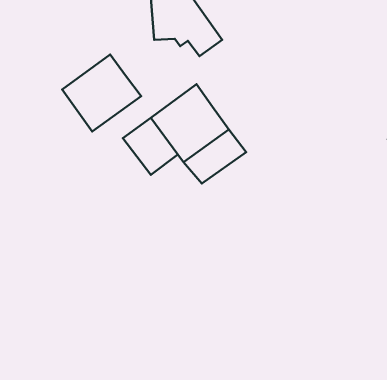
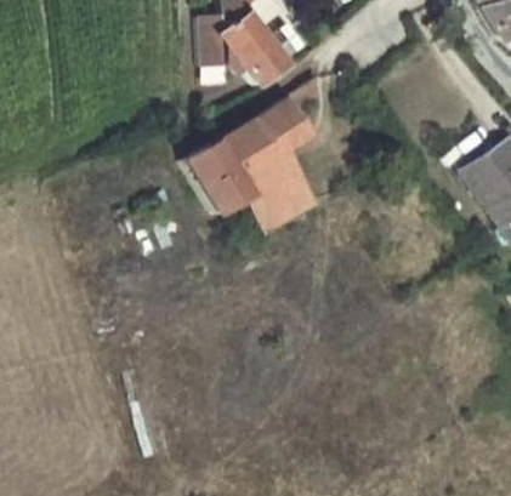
building: none -> [251,76,314,141]
building: [62,54,141,131] -> none

